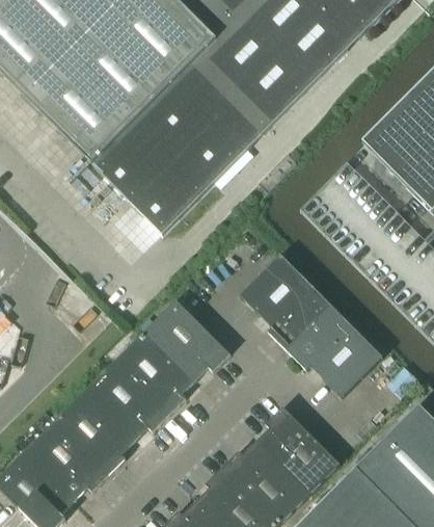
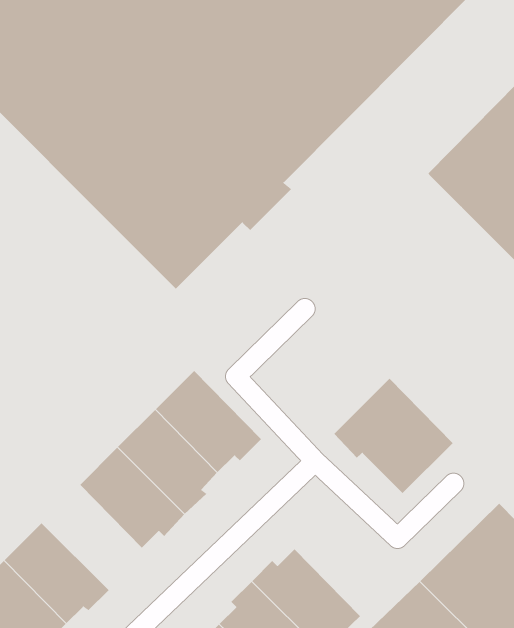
building: [239,254,331,350] -> none
building: [54,391,134,475] -> none
building: [255,406,340,496] -> none

